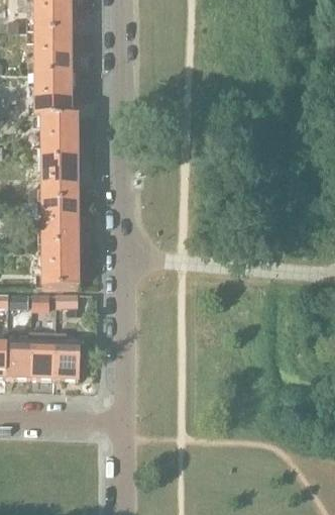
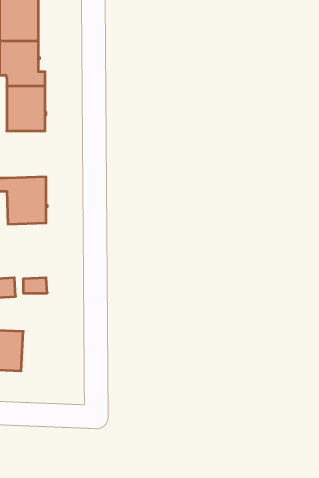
building: [41,158,78,201] -> none
building: [42,242,79,287] -> none
building: [54,342,81,380] -> none

